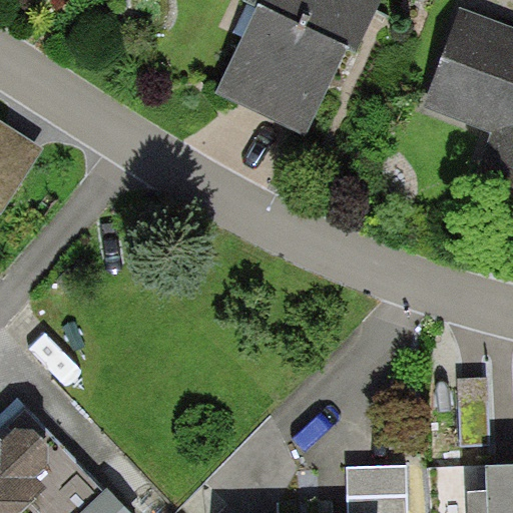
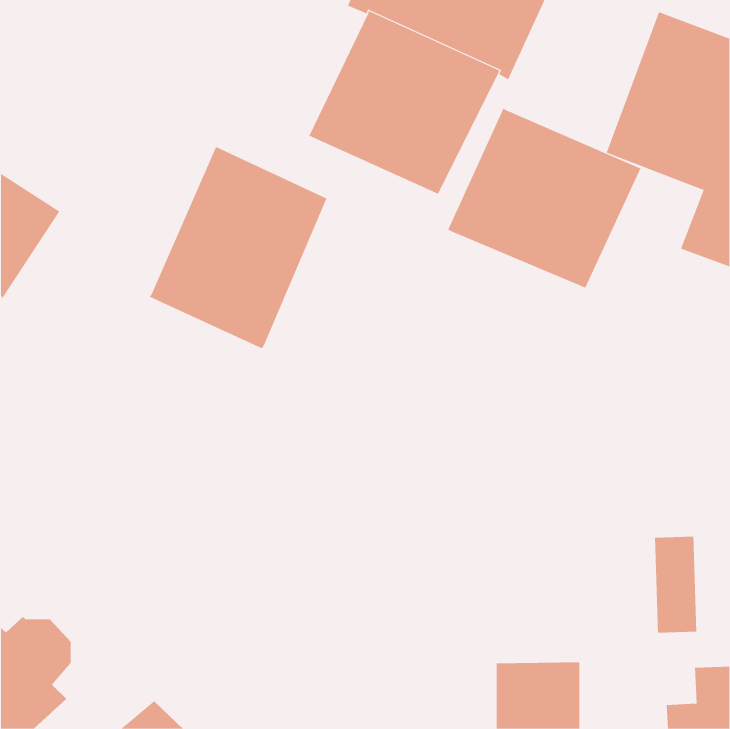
building: none -> [448,108,641,288]
building: none -> [149,146,327,349]

